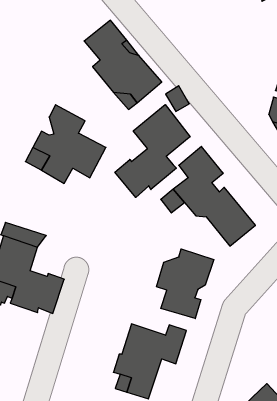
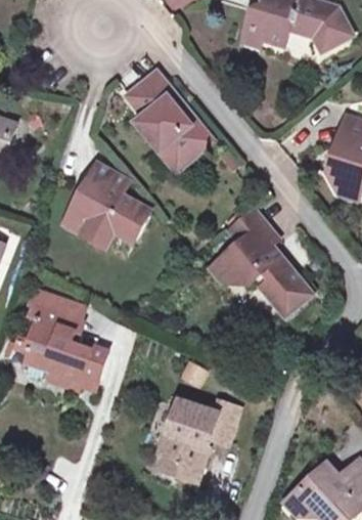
building: [115,105,190,197] -> none
building: [157,249,214,319] -> none

